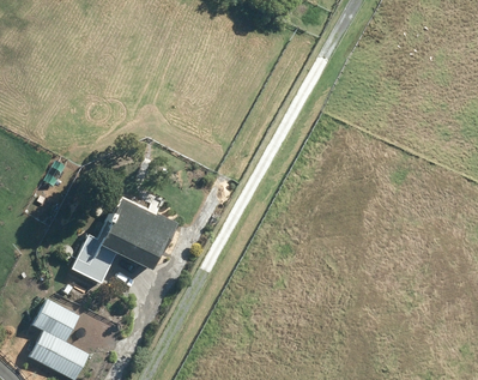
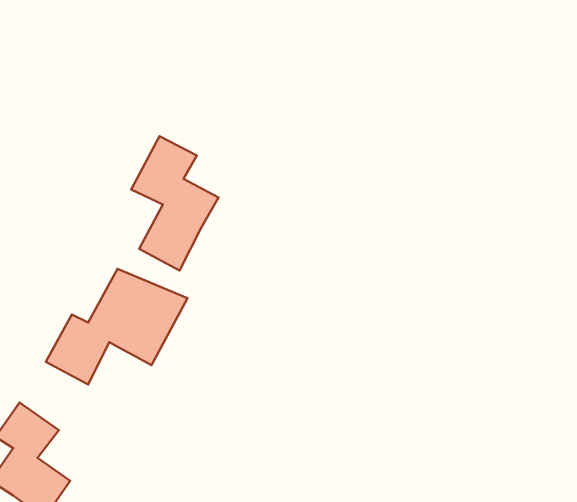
building: none -> [131,136,219,270]

